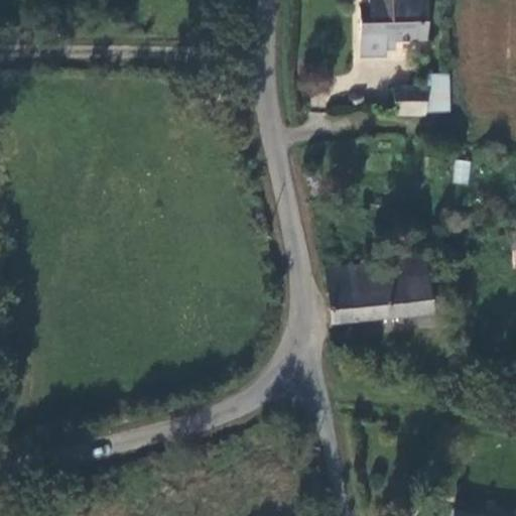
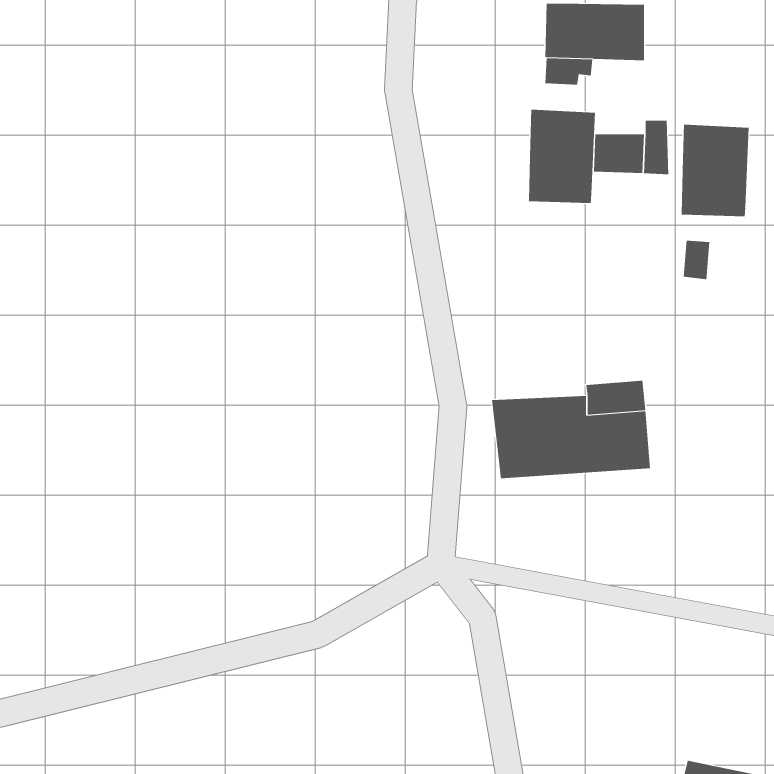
building: none -> [528,109,596,204]
building: none -> [681,124,749,217]

